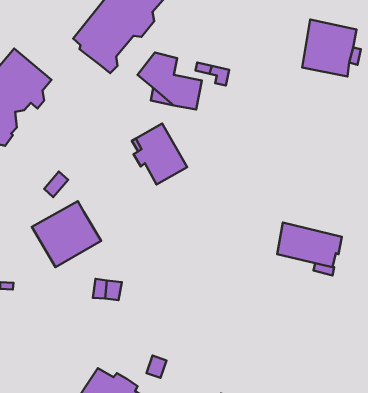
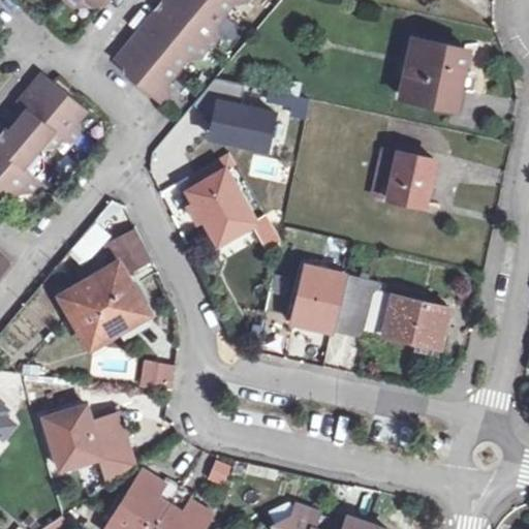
building: none -> [371,148,434,207]
building: none -> [110,232,151,278]
building: none -> [293,264,378,331]
building: none -> [41,405,132,485]

